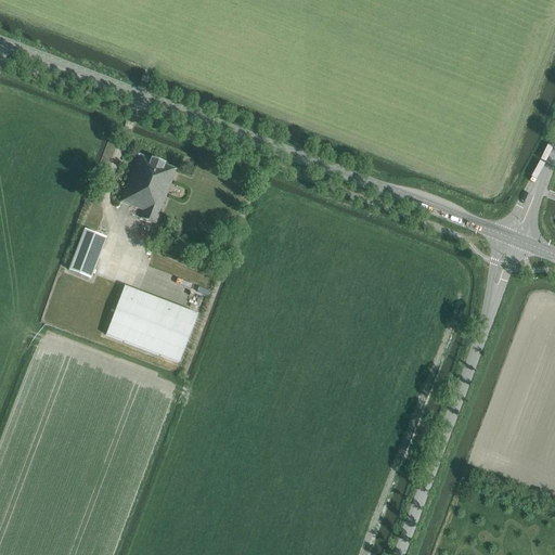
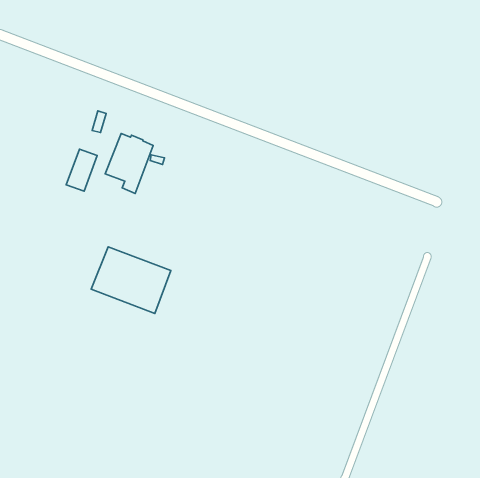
building: [69,229,105,278] -> [66,149,97,191]

